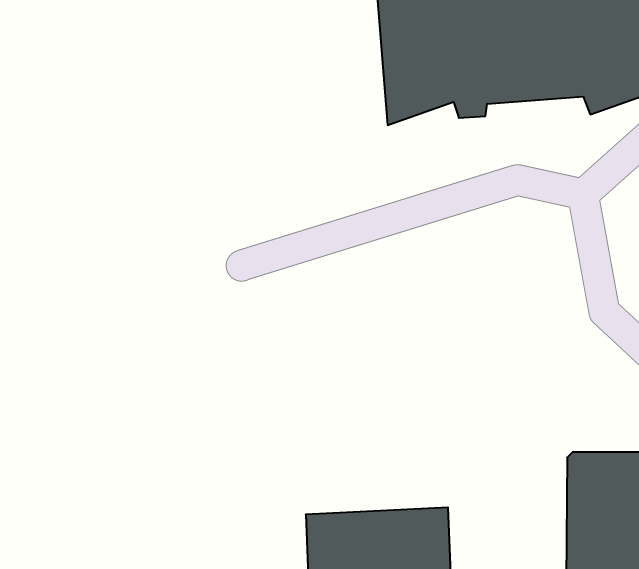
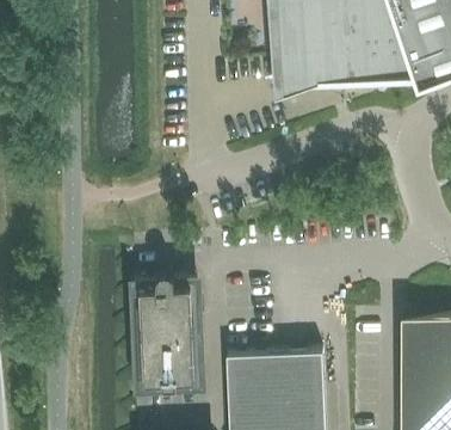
building: none -> [132,271,200,387]

